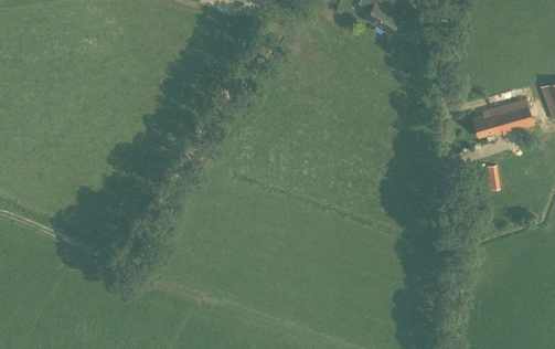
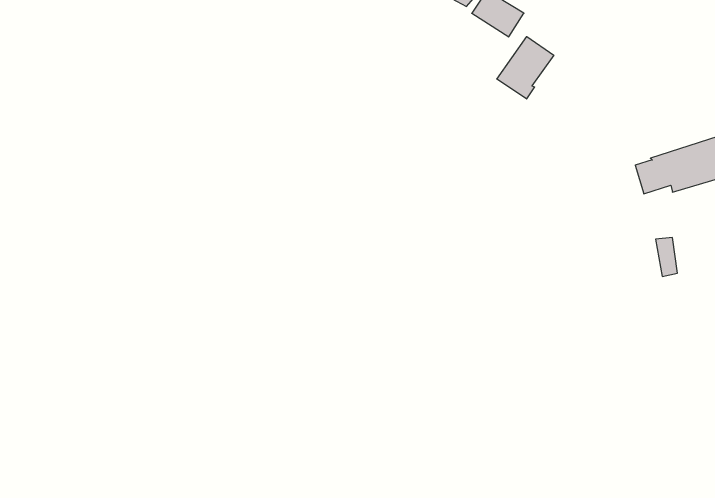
building: none -> [497,37,554,99]

